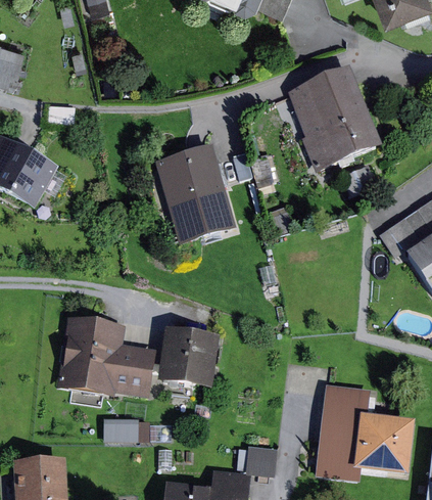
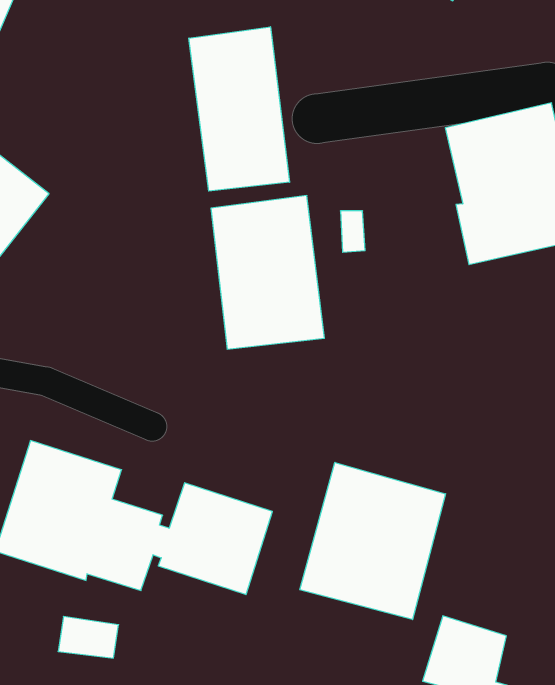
building: none -> [189,27,290,191]
building: none -> [300,462,446,620]

